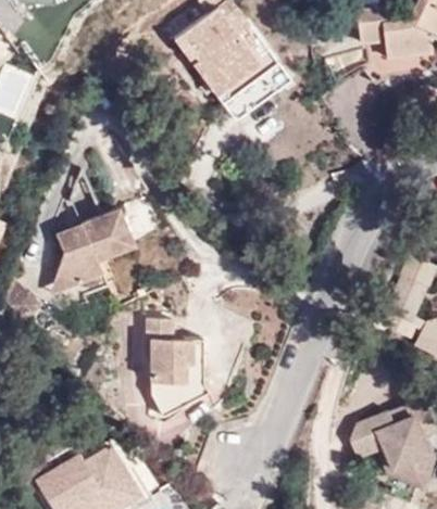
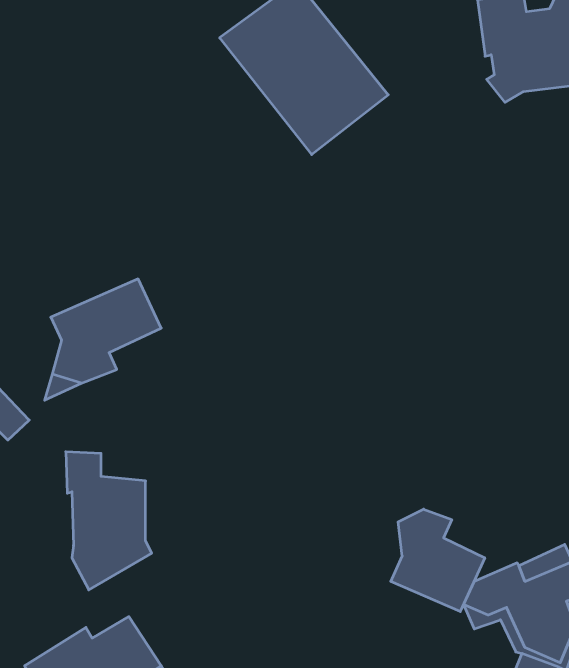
building: [146,319,207,417] -> [66,452,152,590]
building: none -> [391,509,485,612]

